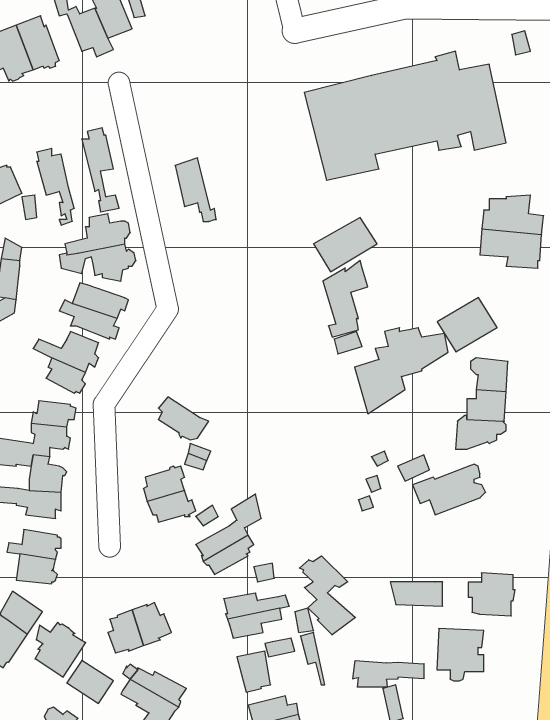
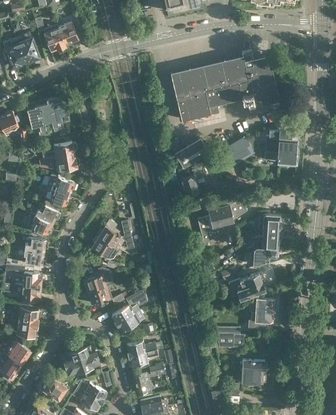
building: [175,158,216,221] -> [39,98,61,132]
building: [437,298,497,352] -> [223,137,255,166]
building: none -> [97,220,137,249]
building: [299,556,355,635] -> none
building: [468,573,515,616] -> [249,299,274,322]
building: [35,622,86,677] -> none
building: [353,661,424,687] -> none

